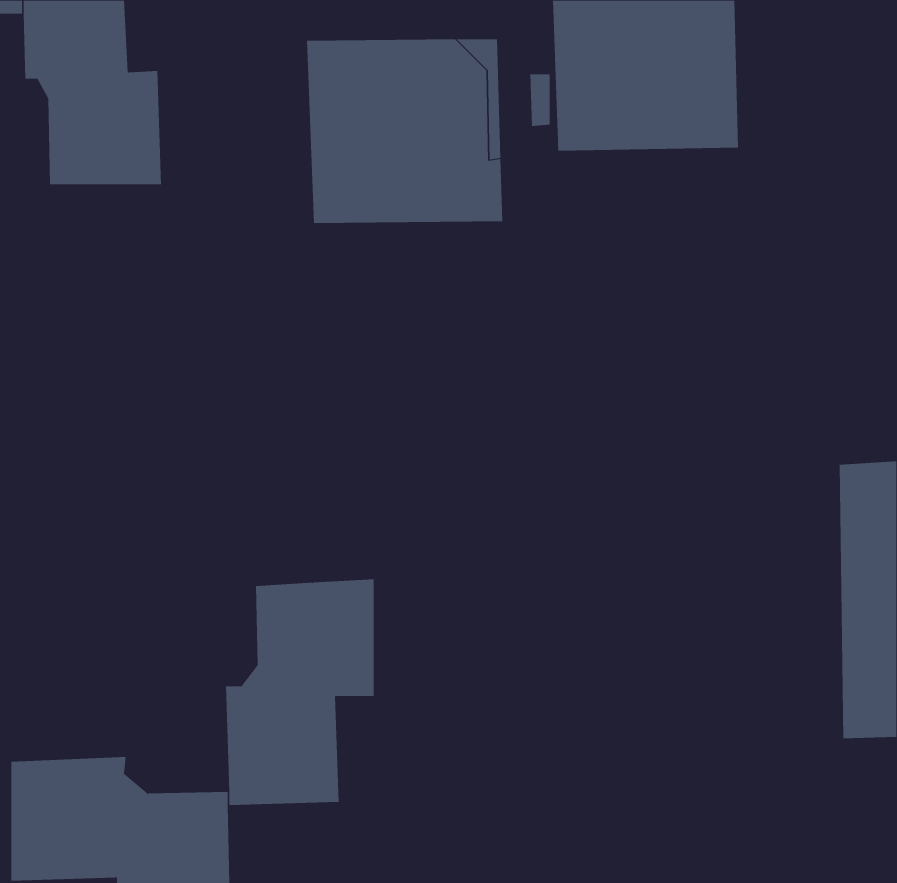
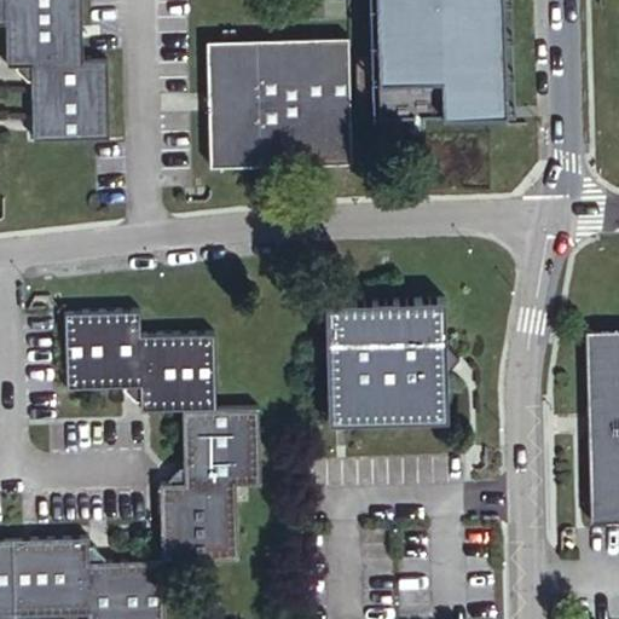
building: none -> [326,303,464,433]
building: none -> [65,310,215,415]

